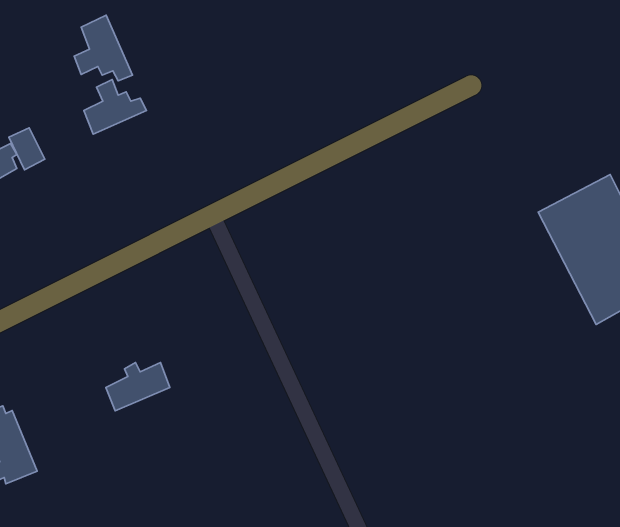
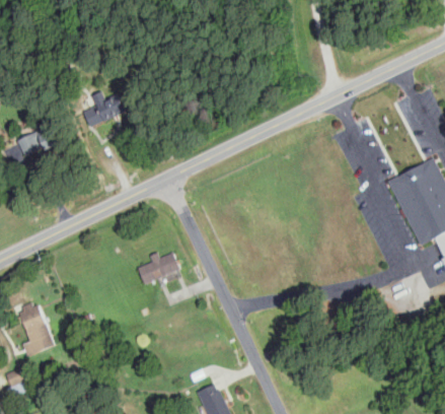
building: [74,15,133,81] -> none
building: [106,363,170,411] -> [138,252,179,283]

